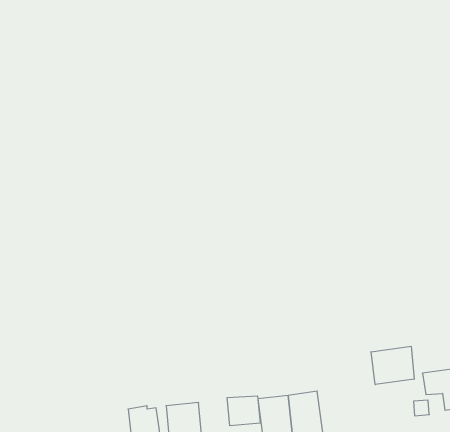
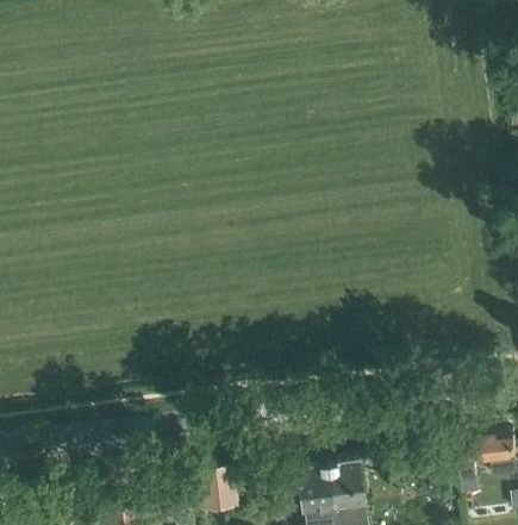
building: [371,346,414,385] -> none
building: [227,396,260,426] -> none

